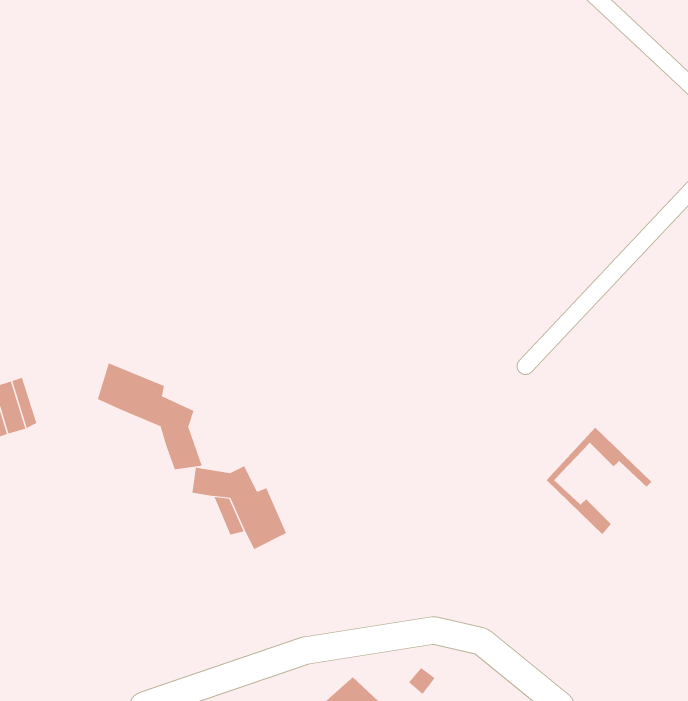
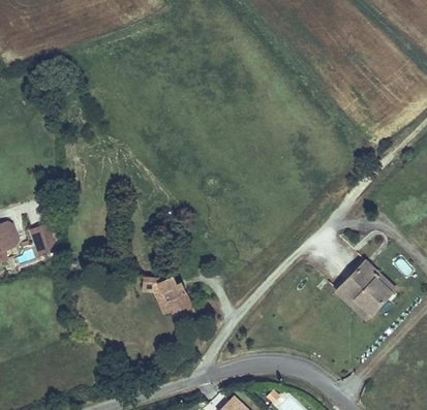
building: [97,362,203,470] -> none
building: none -> [345,263,397,309]

